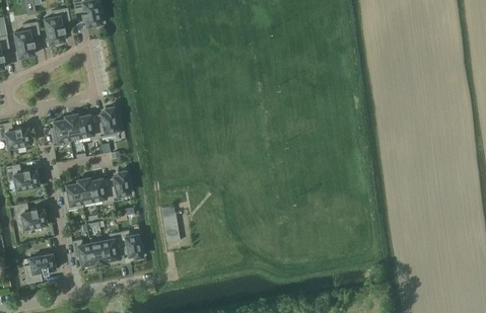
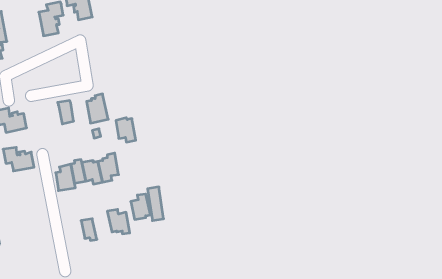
building: [15,21,41,57] -> none
building: [79,113,100,140] -> [116,118,136,142]
building: [50,119,70,147] -> none
building: [13,203,48,229] -> none
building: [102,233,124,260] -> [131,194,150,219]
building: [72,239,94,265] -> none
building: [25,253,56,283] -> none

